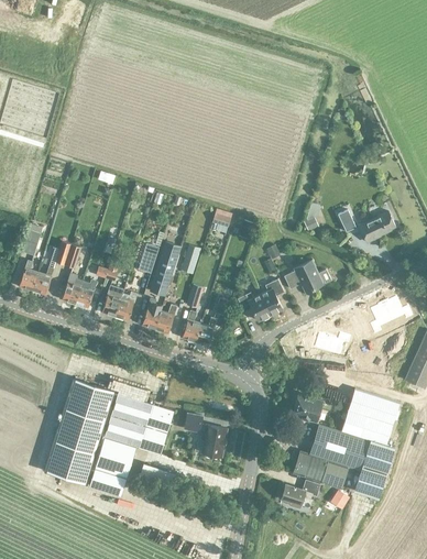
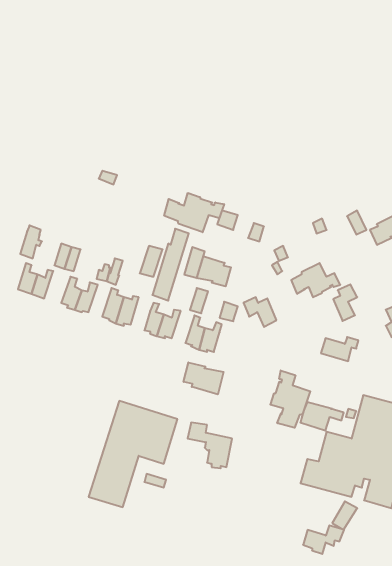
building: none -> [164,193,224,232]
building: none -> [197,256,231,286]
building: [261,280,284,315] -> [333,284,357,321]
building: none -> [184,362,224,394]
building: none -> [270,370,310,428]
building: [44,377,117,484] -> none
building: [281,480,320,507] -> [303,525,344,554]

